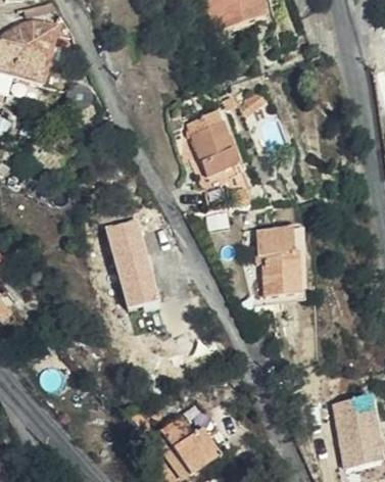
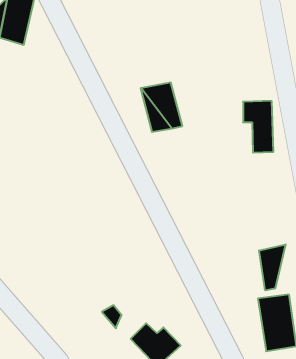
building: [104,218,156,307] -> none
building: [255,228,293,292] -> [243,101,273,153]
building: none -> [259,244,286,290]

